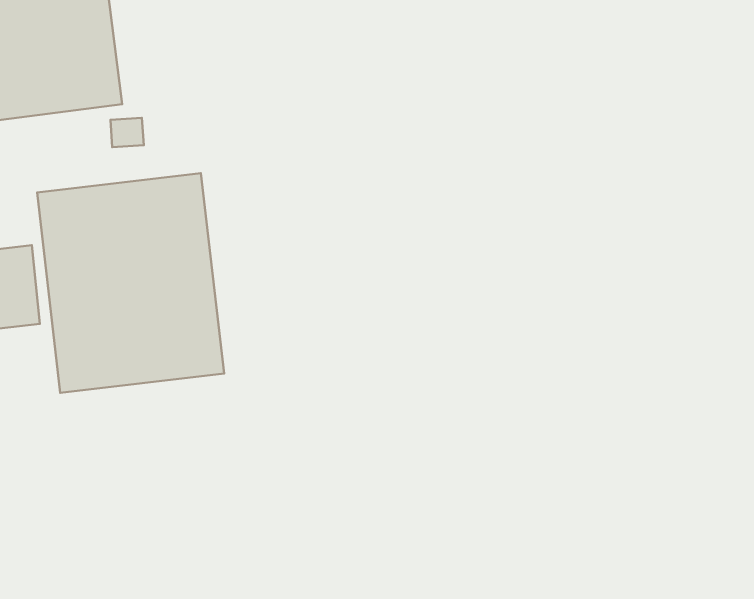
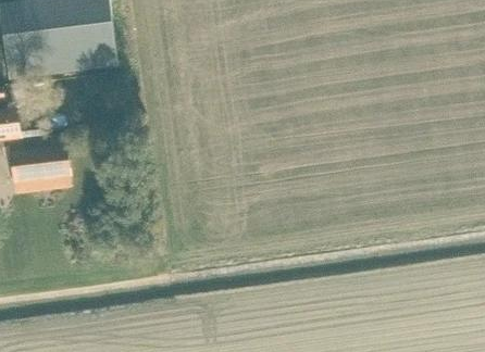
building: [37,173,224,393] -> none

